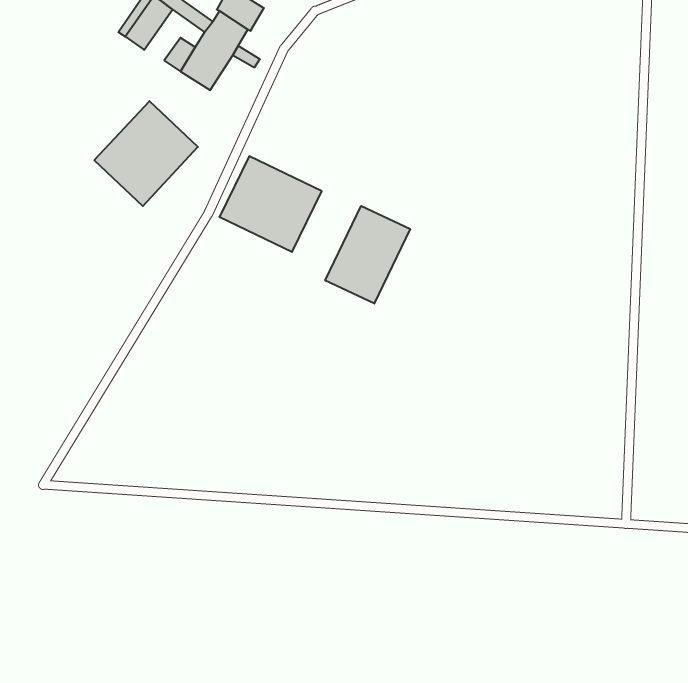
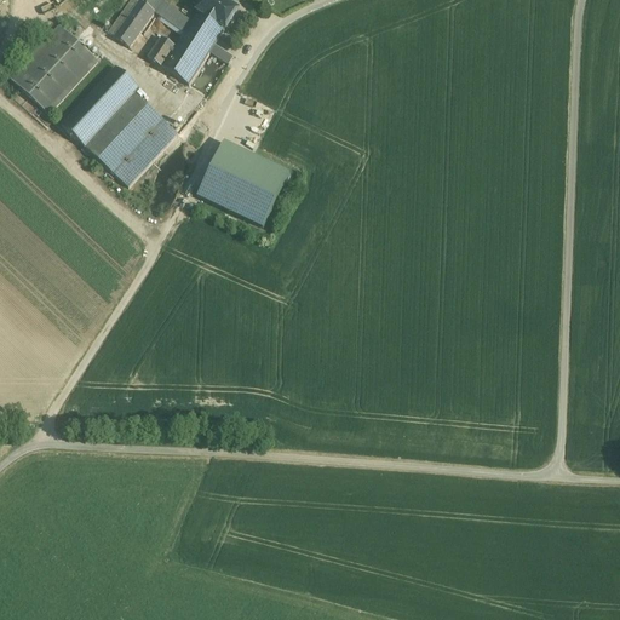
building: none -> [11,23,98,111]
building: none -> [62,64,139,144]
building: [325,206,410,304] -> none

